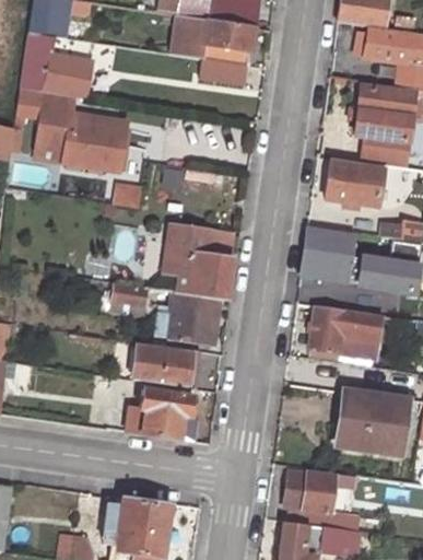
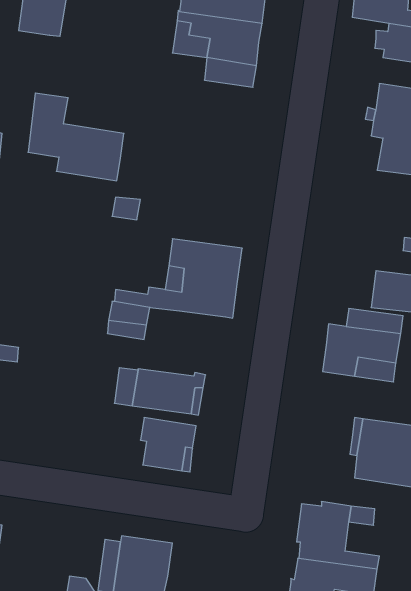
building: [20,33,102,98] -> none
building: [326,161,385,208] -> none
building: [301,229,353,280] -> none
building: [157,292,220,343] -> none

